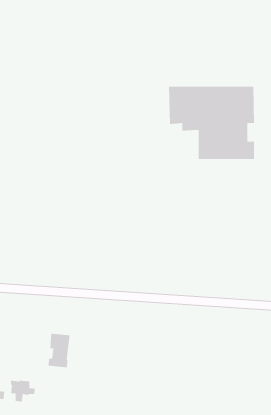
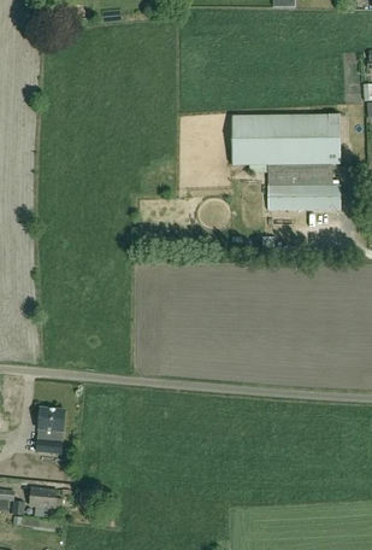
building: [48,333,70,368] -> [36,408,65,452]

